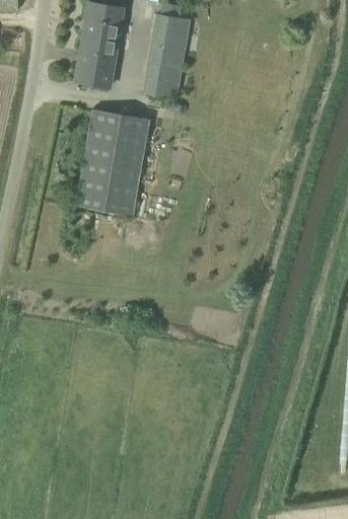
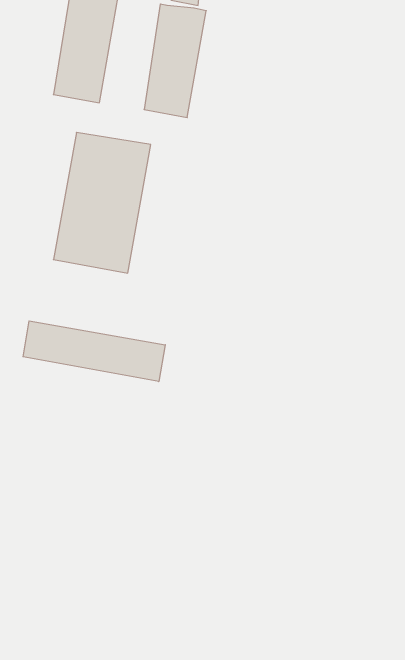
building: none -> [23,321,165,382]

